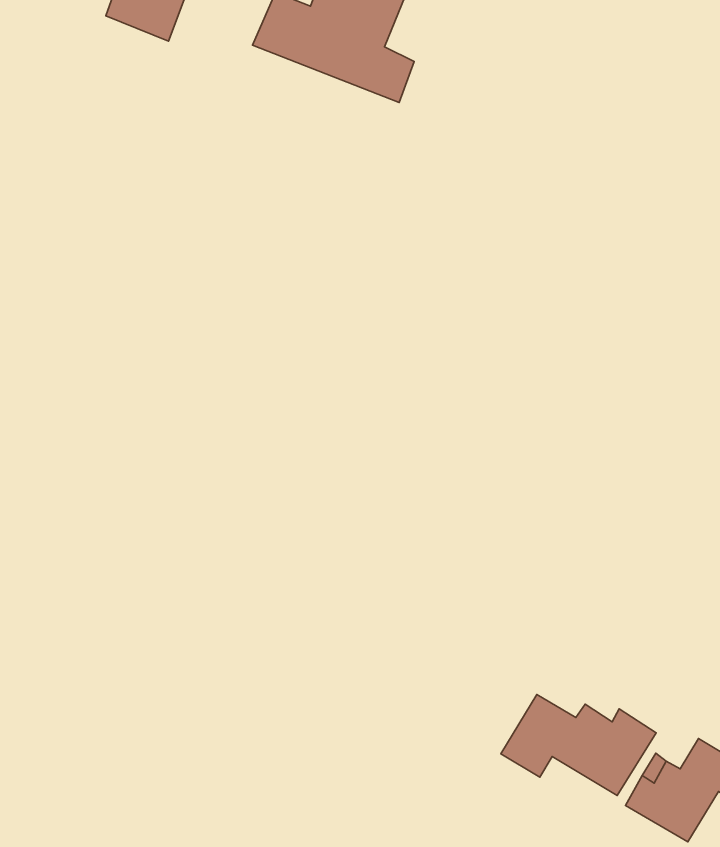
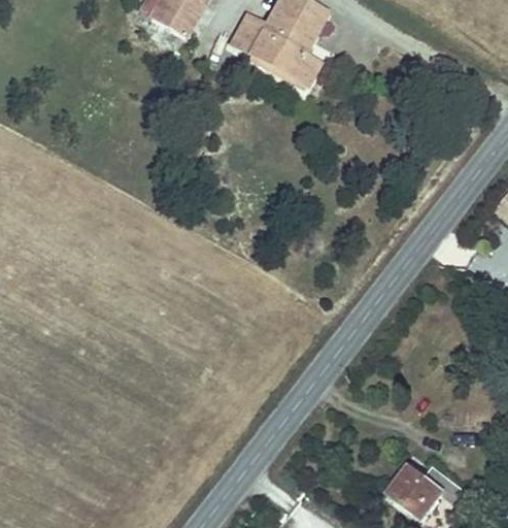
building: [501,694,656,795] -> none

